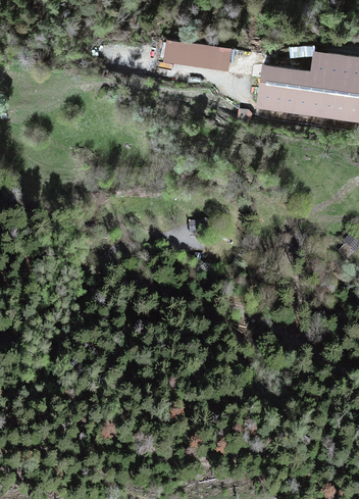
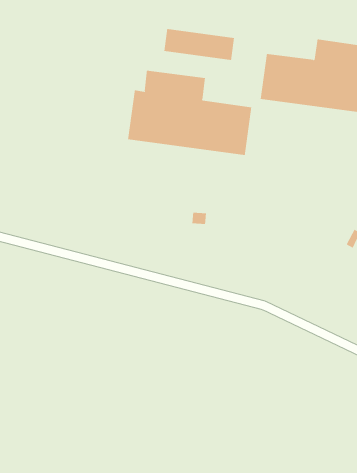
building: none -> [128,70,252,156]

